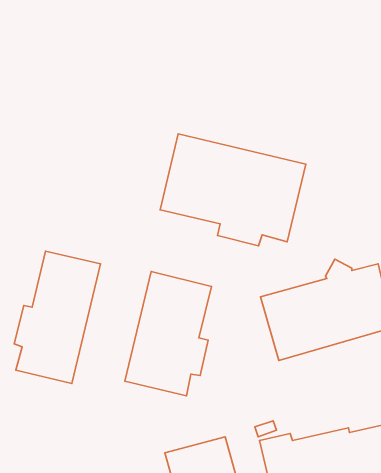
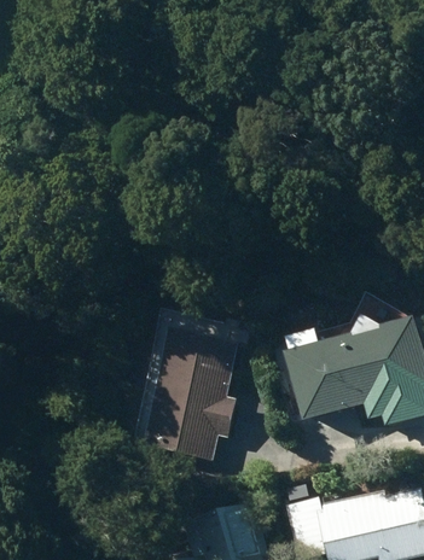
building: [160,134,306,246] -> none
building: [14,251,100,383] -> none

